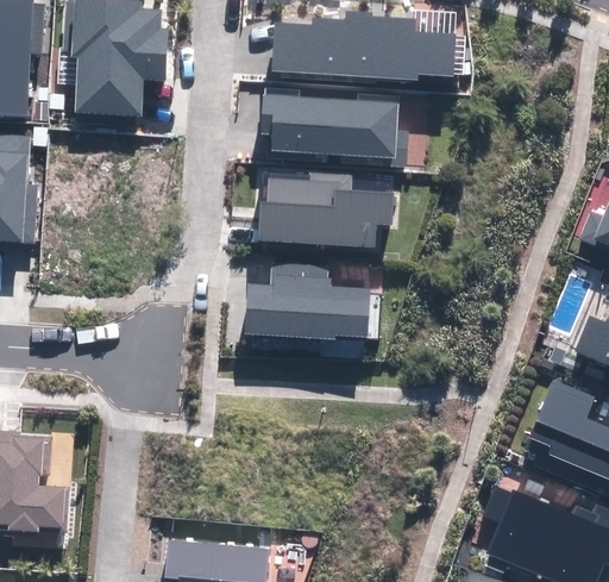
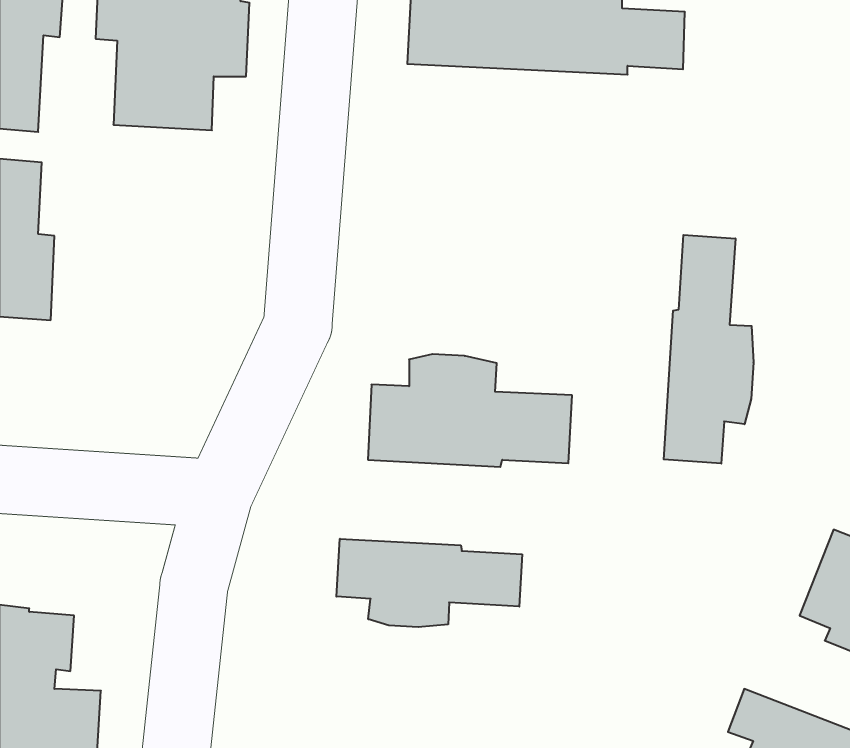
building: [260,88,406,165] -> none
building: [260,171,394,246] -> none
building: none -> [664,235,753,464]
building: none -> [336,539,522,627]

